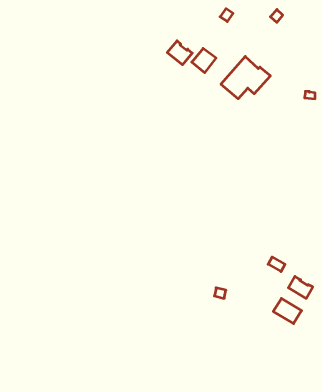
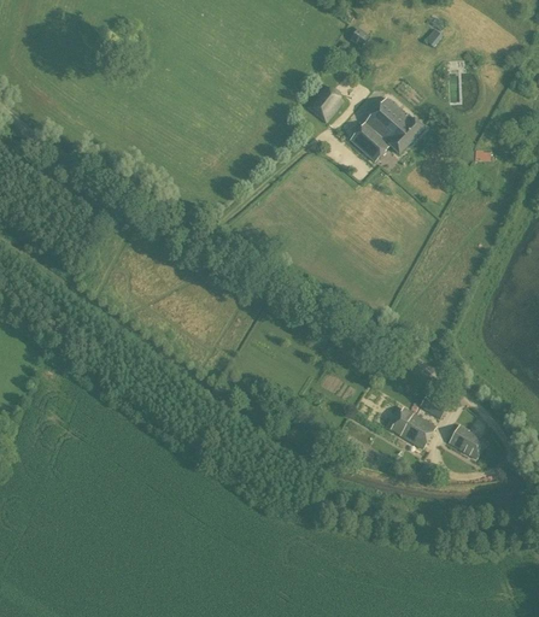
building: [167,41,192,65] -> none
building: [273,298,302,324] -> [393,409,435,446]

